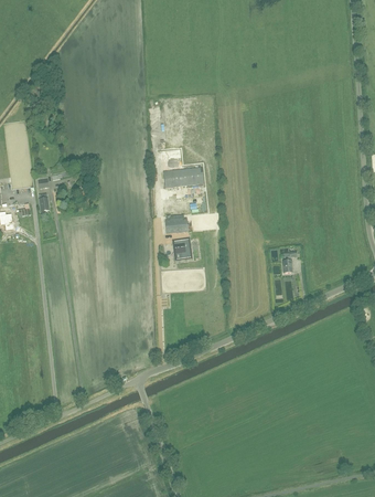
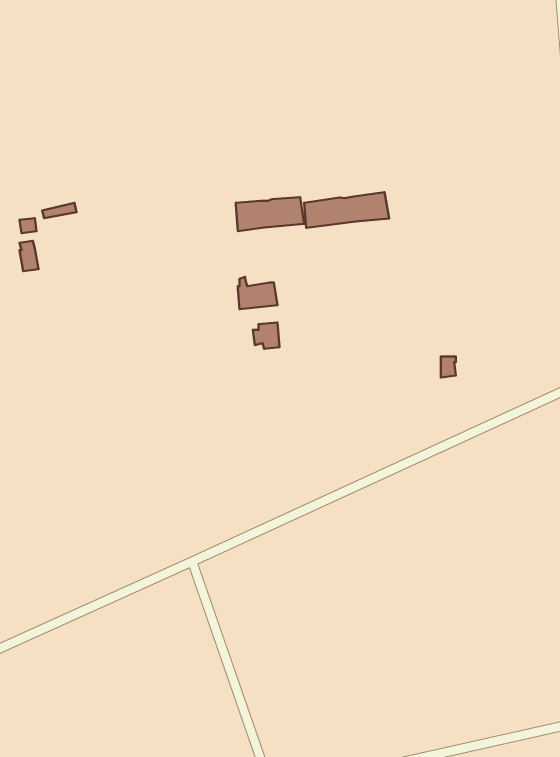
building: none -> [304,192,389,228]

